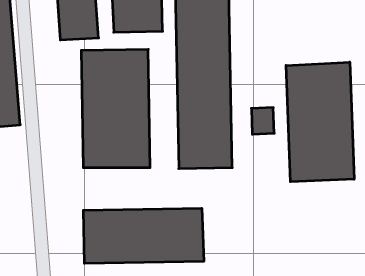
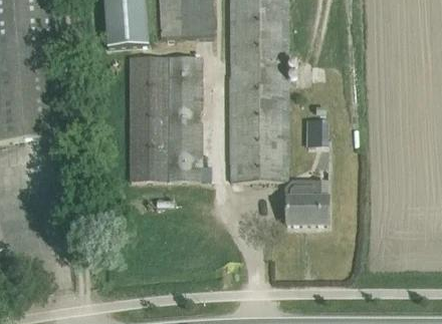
building: [286,62,354,182] -> none
building: none -> [286,181,328,224]
building: [83,208,204,263] -> none

